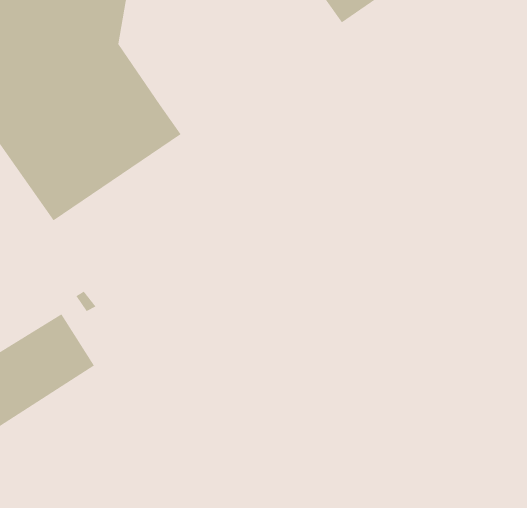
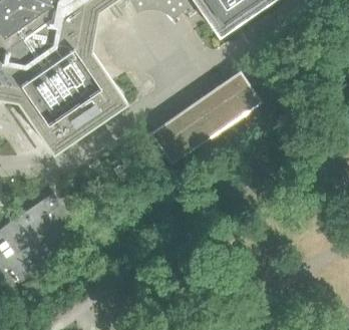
building: none -> [149,72,262,166]

